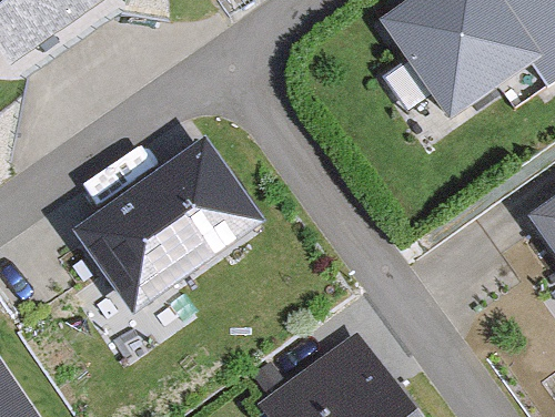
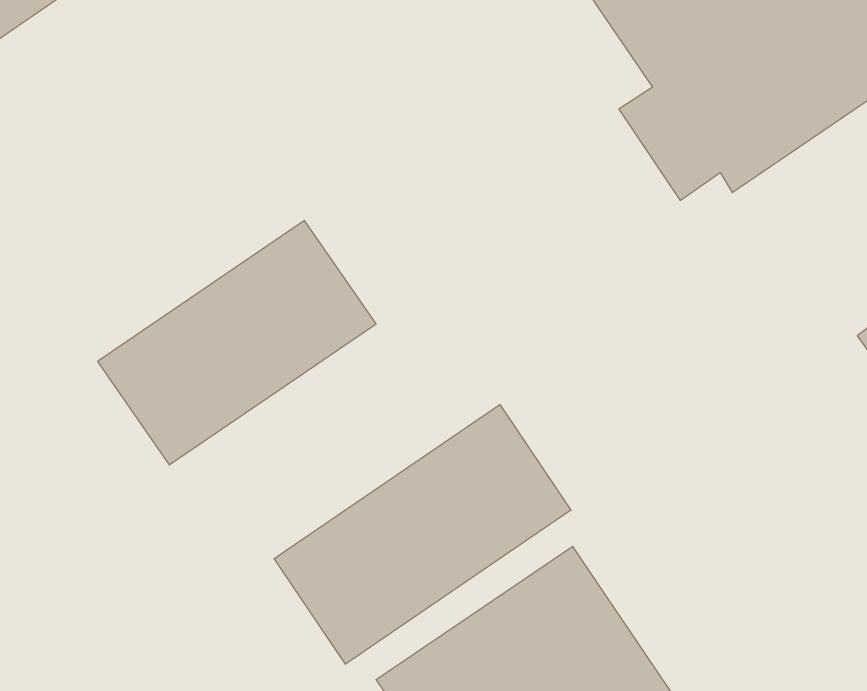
building: none -> [274,405,571,664]

